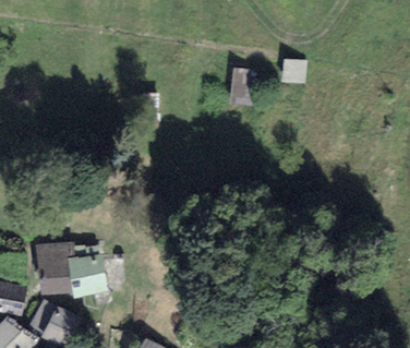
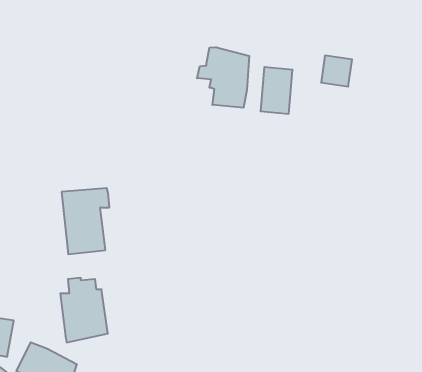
building: none -> [197,47,249,108]
building: [35,243,75,299] -> [62,188,109,254]

